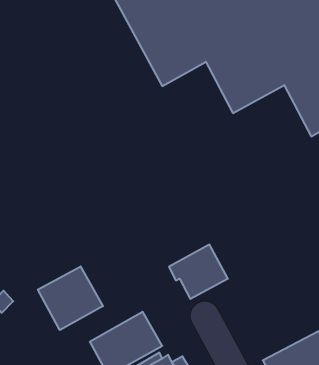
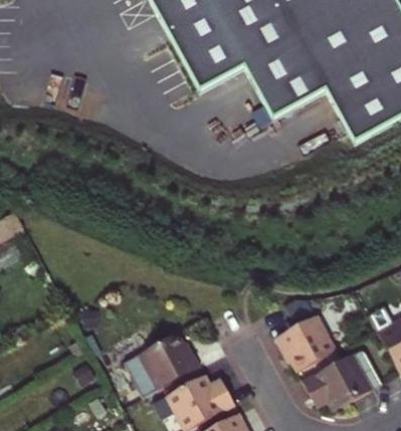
building: [169,245,228,299] -> [276,314,338,371]
building: [38,266,103,330] -> none

